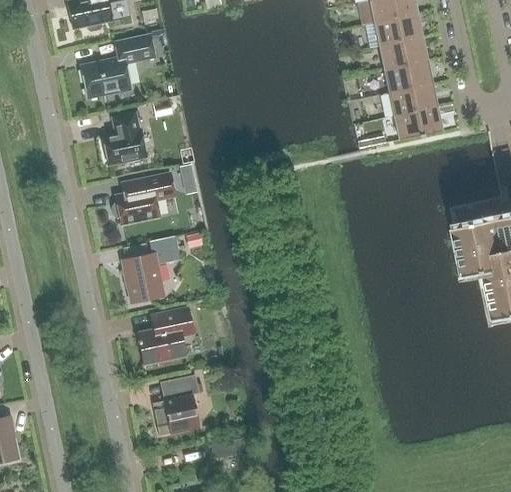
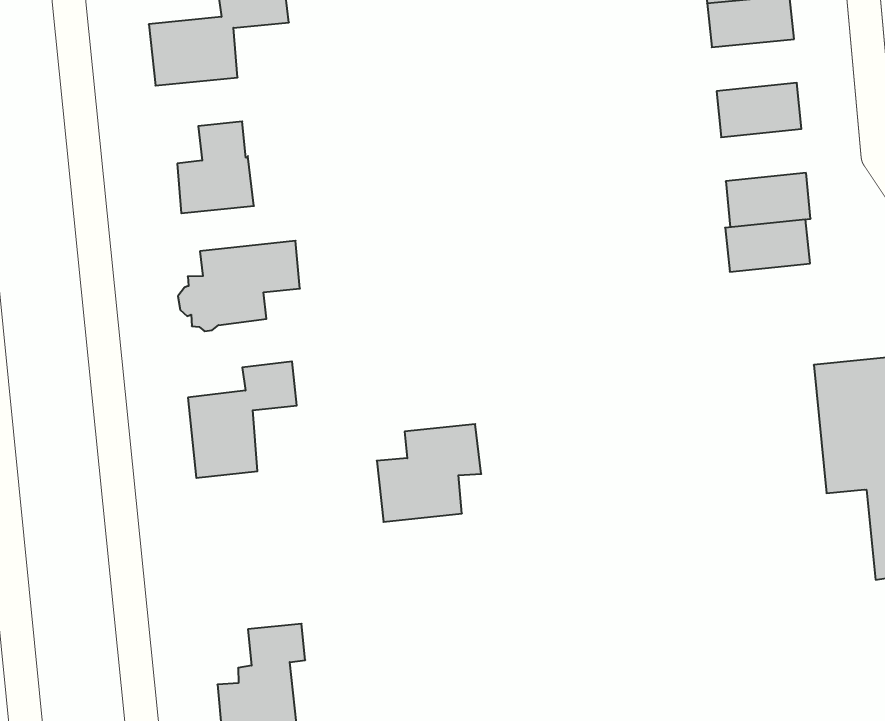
building: [380,37,427,69] -> none
building: [390,84,437,116] -> [725,219,810,272]
building: [138,308,194,365] -> [377,424,481,522]

